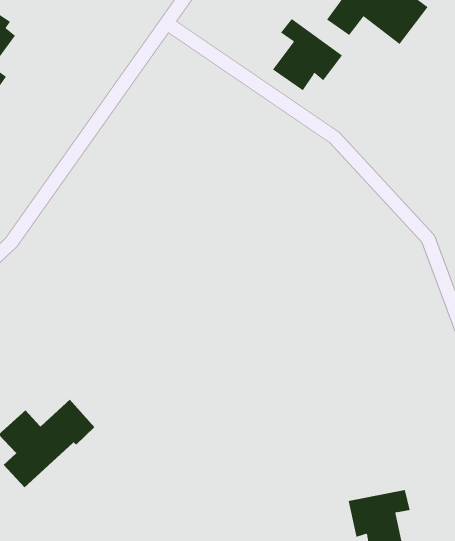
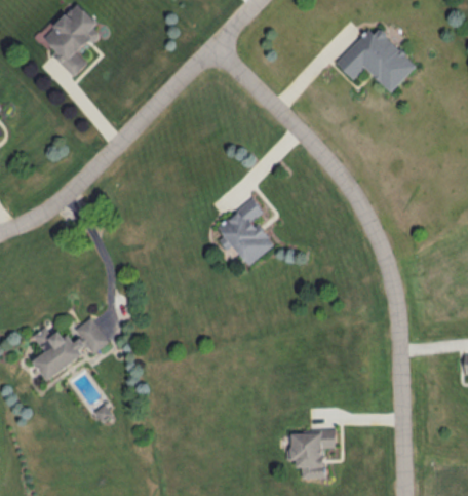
building: [272,18,343,91] -> none
building: none -> [218,199,274,265]

